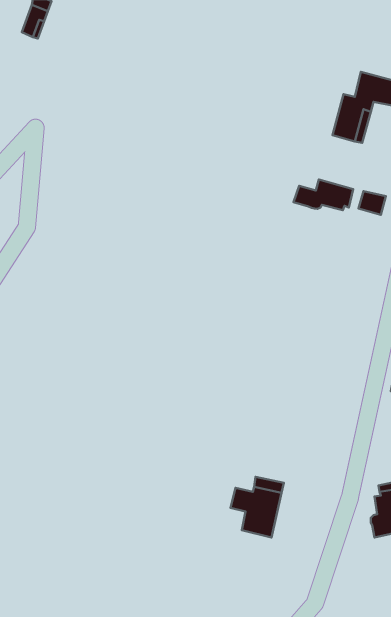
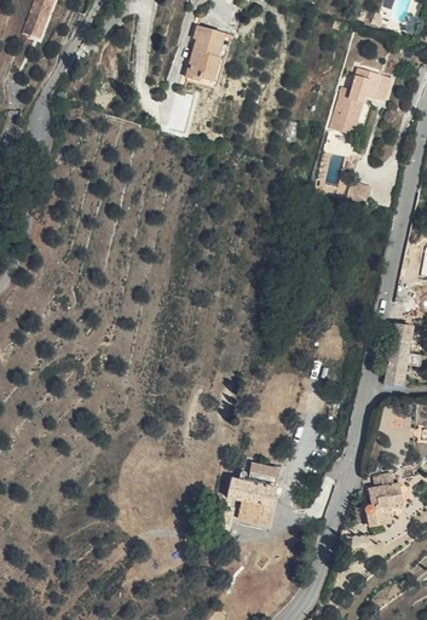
building: none -> [186,25,225,82]
building: [293,180,353,210] -> none

